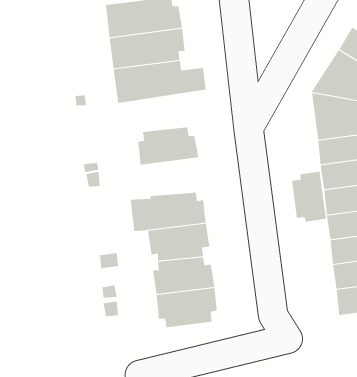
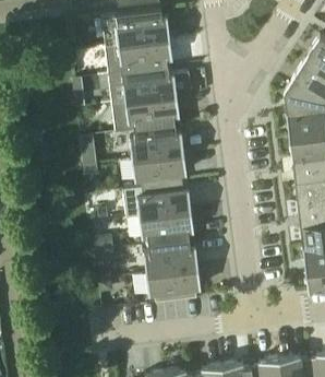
building: none -> [112,94,180,131]
building: none -> [132,152,186,186]
building: [292,171,327,223] -> none

